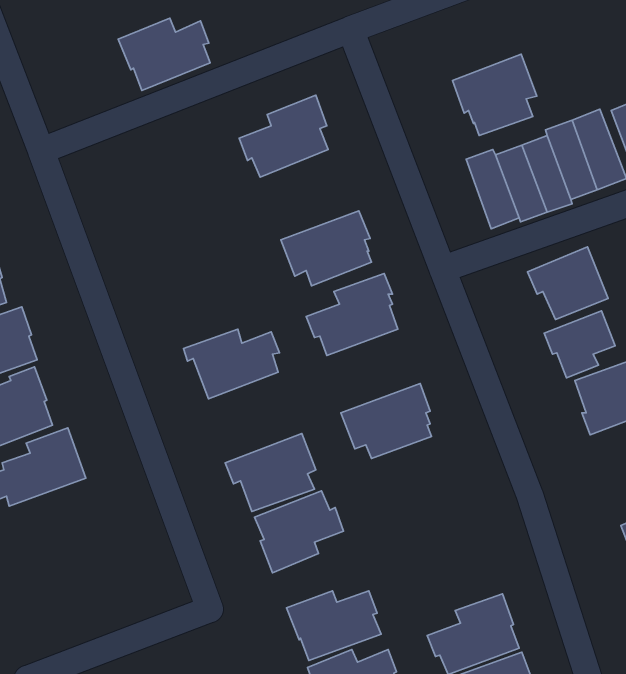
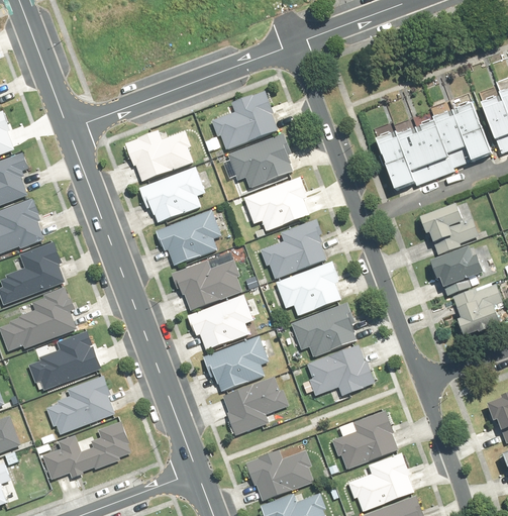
building: [118,18,210,91] -> [124,128,191,181]
building: [453,54,537,135] -> none
building: none -> [220,131,287,186]
building: none -> [138,167,203,222]
building: none -> [155,210,221,267]
building: none -> [273,259,338,313]
building: none -> [188,292,253,346]
building: none -> [307,345,375,397]
building: none -> [45,376,113,433]
building: none -> [331,409,398,469]
building: none -> [42,421,129,480]

